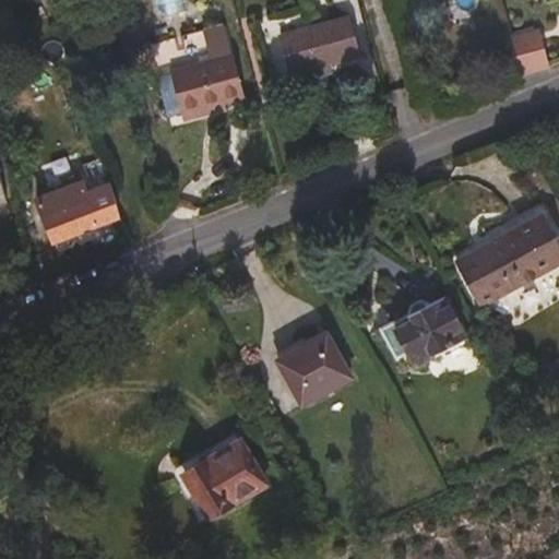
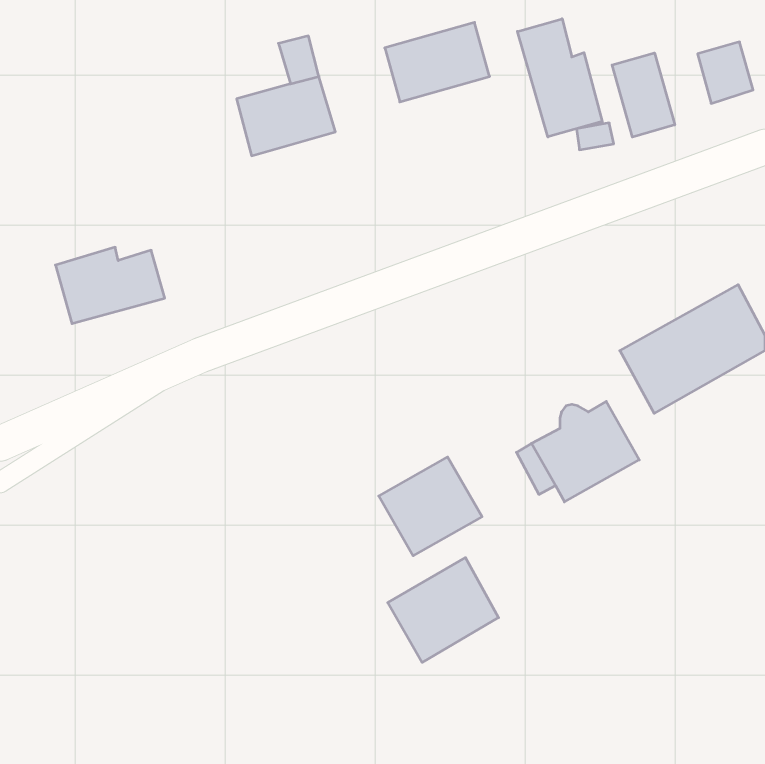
building: none -> [517,19,602,137]
building: none -> [612,53,675,137]
building: [185,442,265,519] -> [388,558,499,662]

